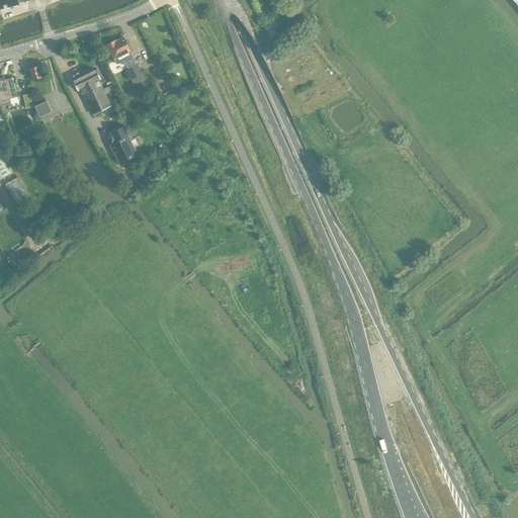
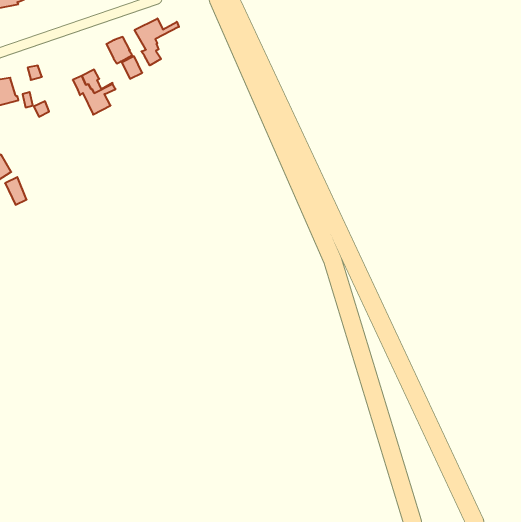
building: none -> [135,18,179,65]
building: [109,125,136,162] -> none

